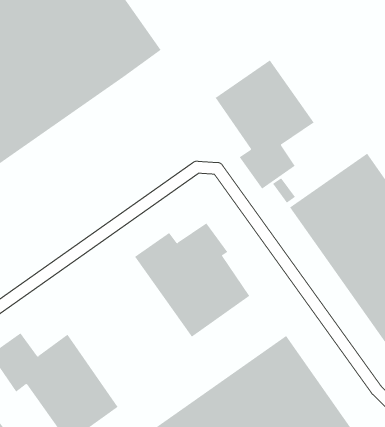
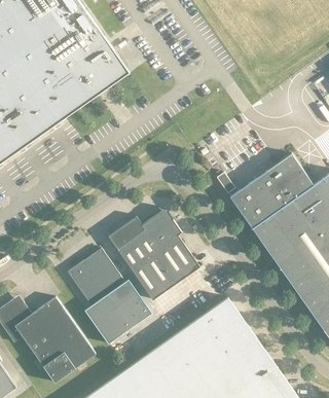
building: [215,60,315,189] -> none
building: none -> [68,248,152,343]

